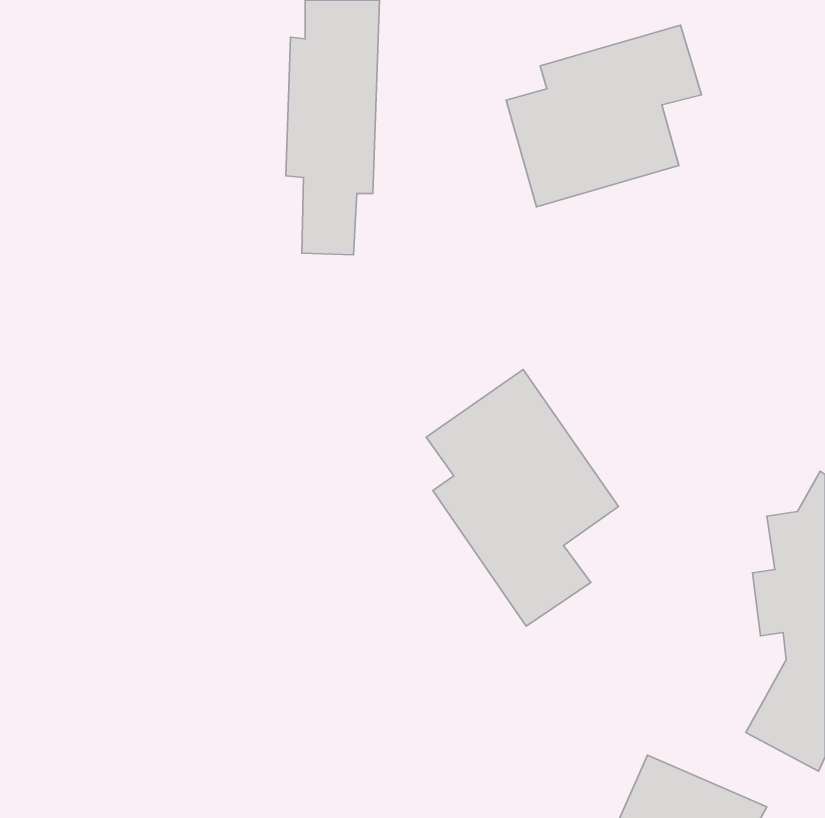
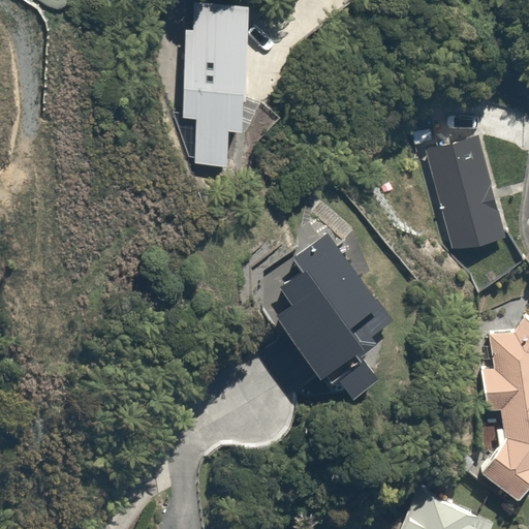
building: [506,25,702,207] -> none
building: none -> [426,133,505,253]

